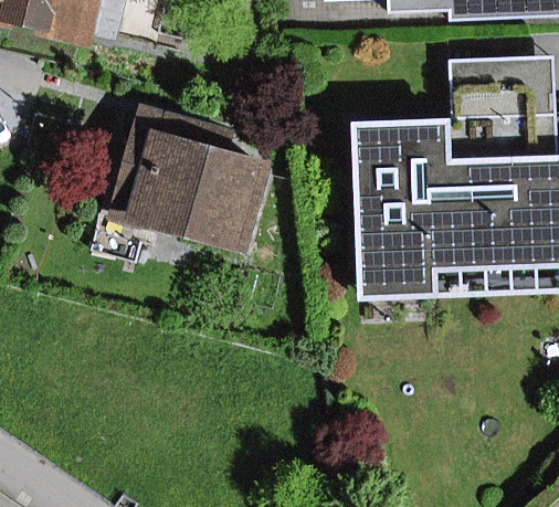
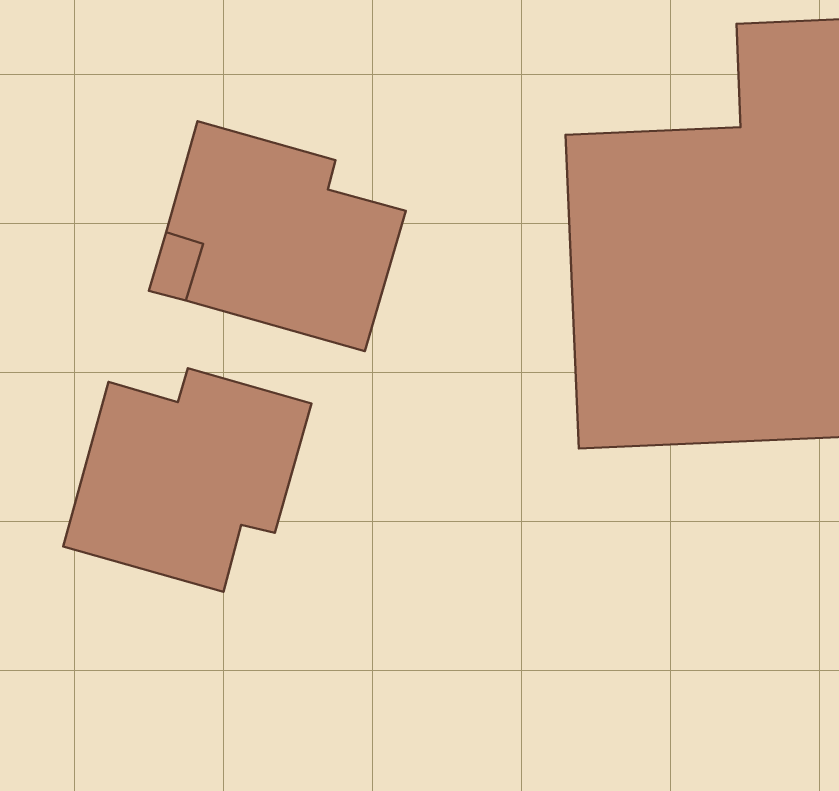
building: none -> [63,368,312,592]

